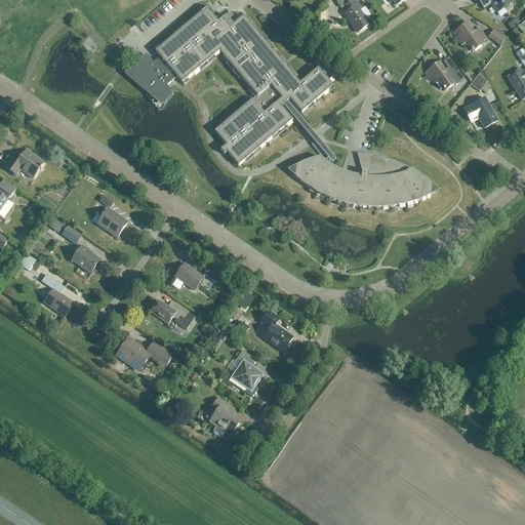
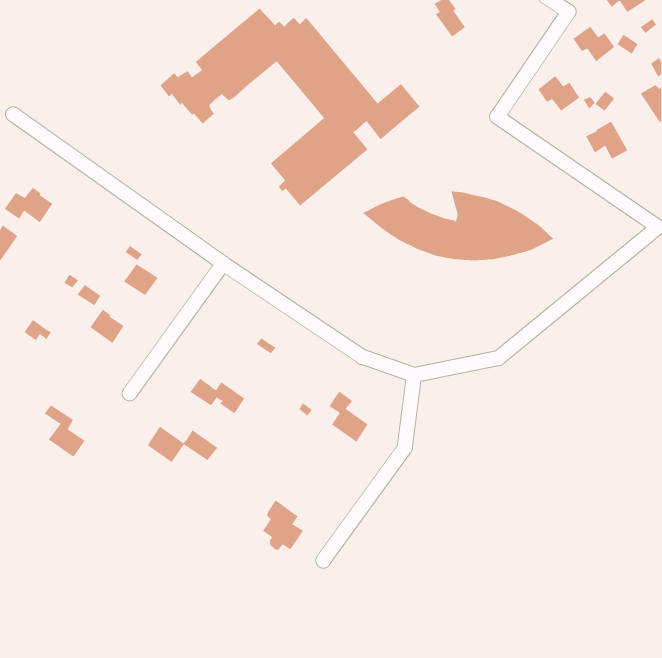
building: [174,261,202,288] -> none
building: [40,273,73,315] -> [44,404,86,458]
building: [229,349,264,395] -> none

